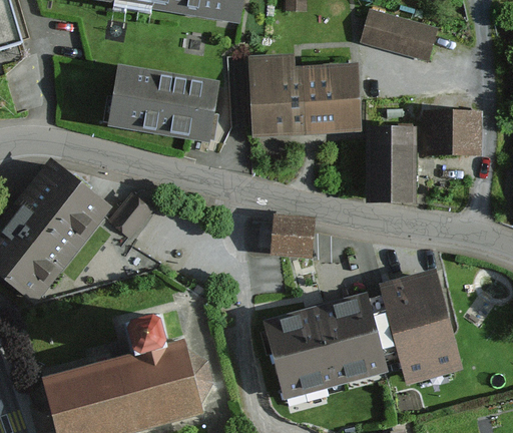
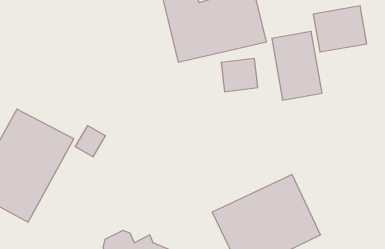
building: [111,67,218,145] -> none
building: [269,215,311,253] -> [221,59,258,92]
building: [381,268,457,380] -> none

